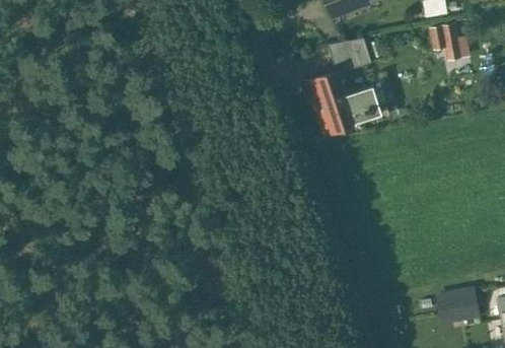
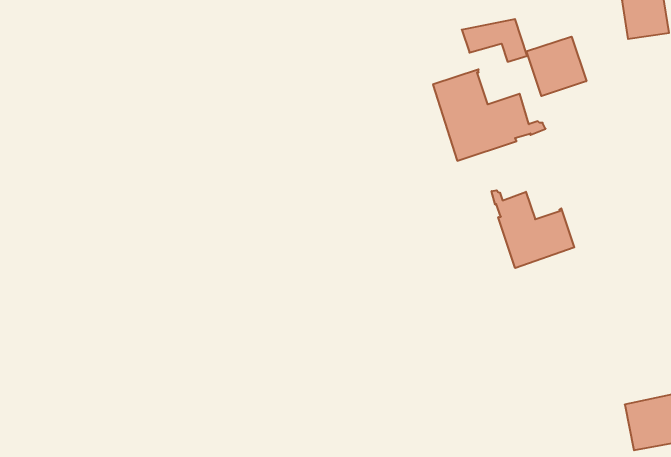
building: none -> [526,37,586,96]
building: none -> [492,190,574,268]

